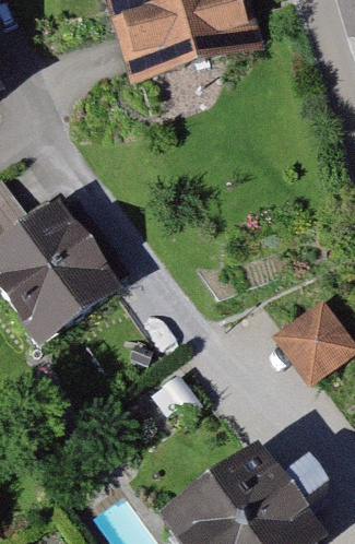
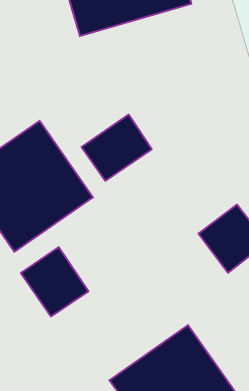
building: none -> [82,115,152,181]
building: none -> [21,247,88,316]

